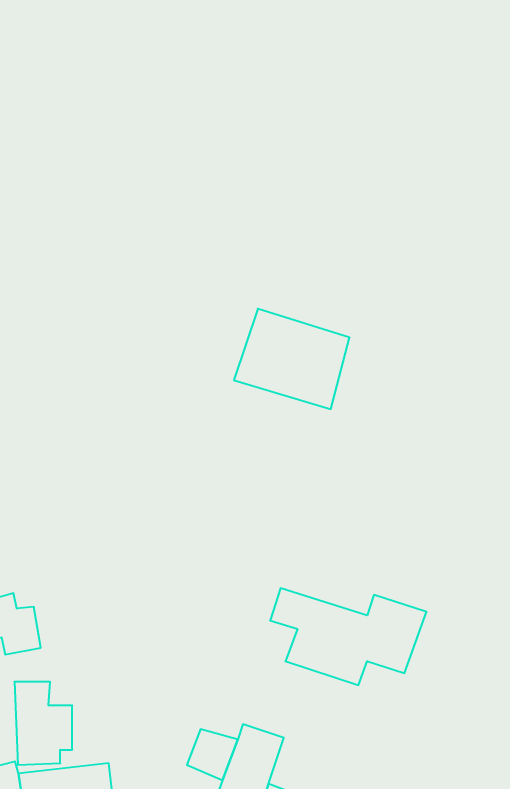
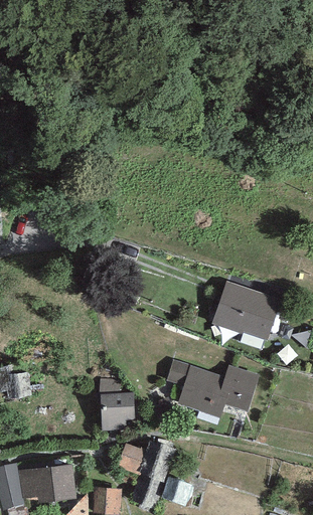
building: [234,309,350,409] -> [211,282,280,341]
building: [14,682,72,765] -> [100,380,134,430]

